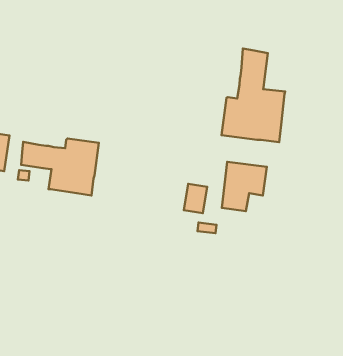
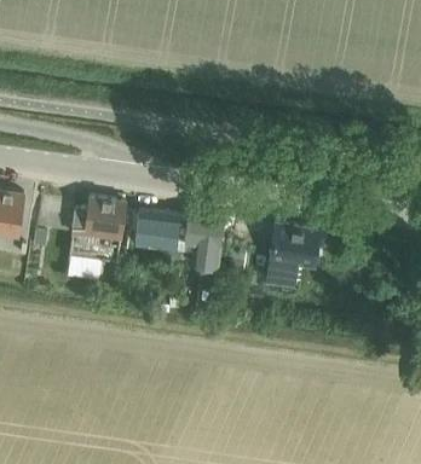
building: [222,49,285,142] -> none
building: none -> [133,209,224,298]

